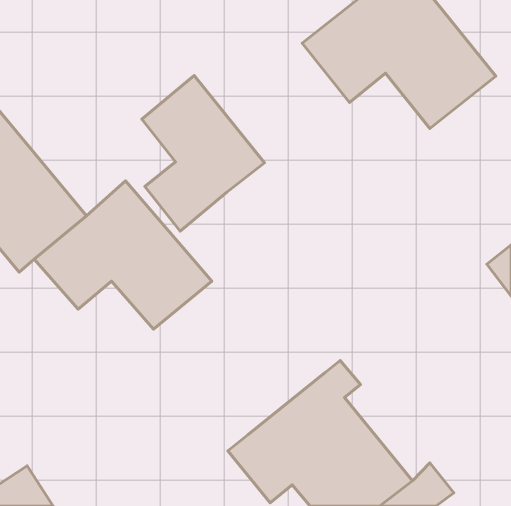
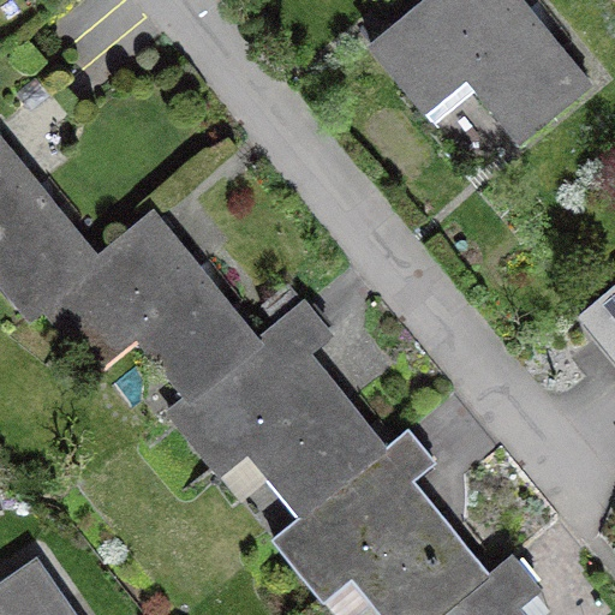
building: [142,75,264,231] -> none
building: none -> [167,298,389,520]

